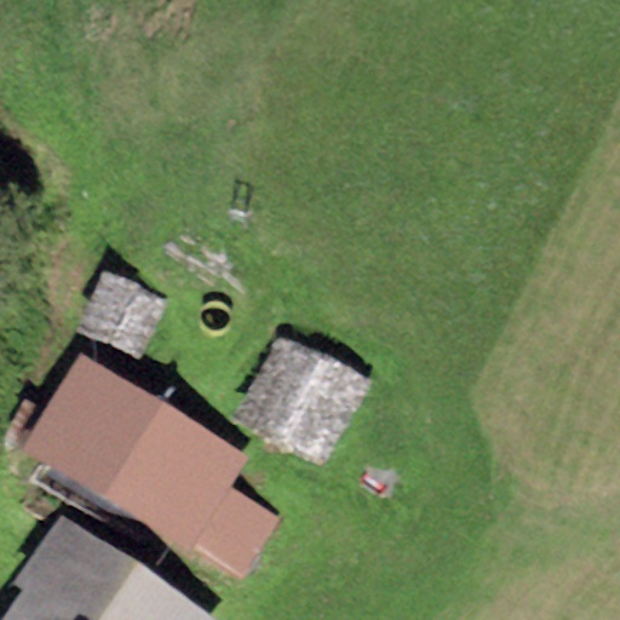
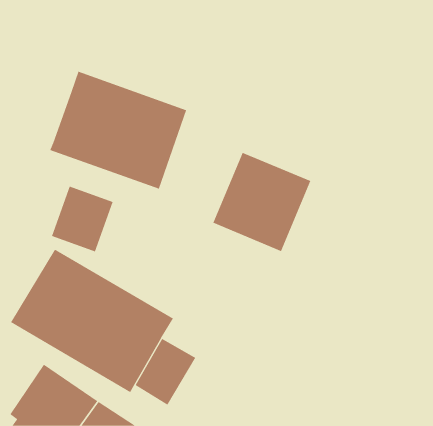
building: none -> [50,71,187,189]
building: [230,332,371,473] -> [212,152,311,252]

